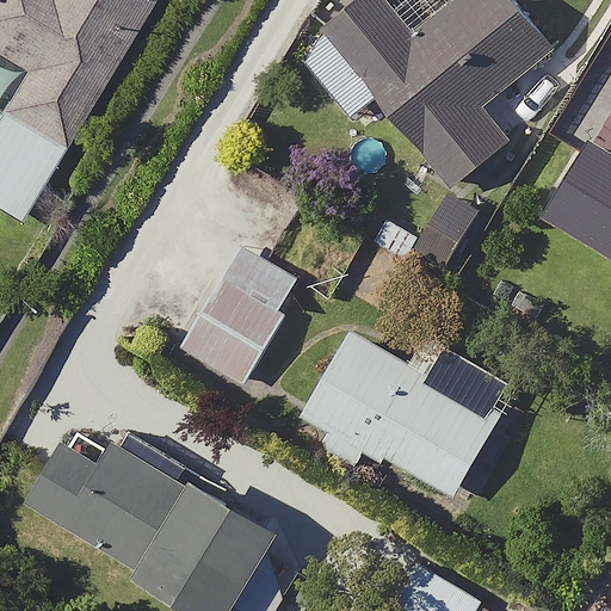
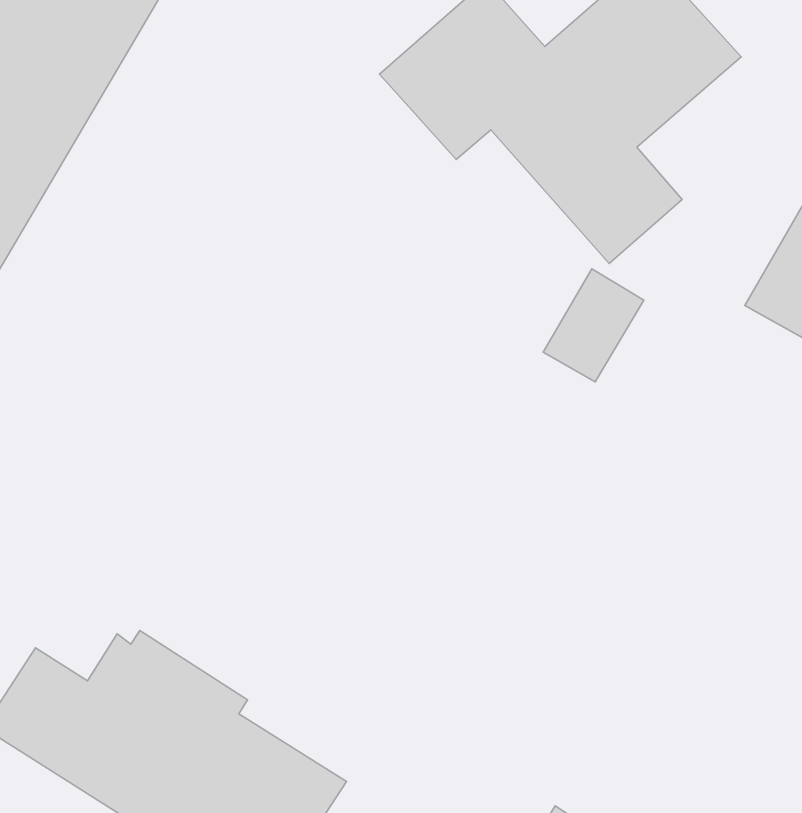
building: [180,245,304,382] -> none
building: [304,335,516,496] -> none

